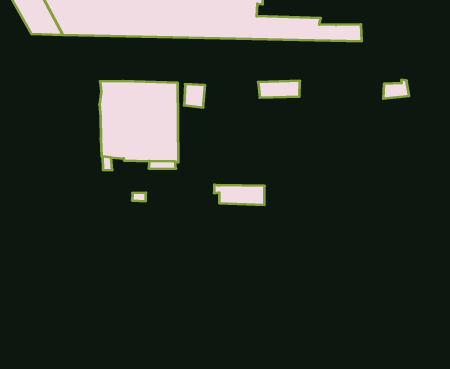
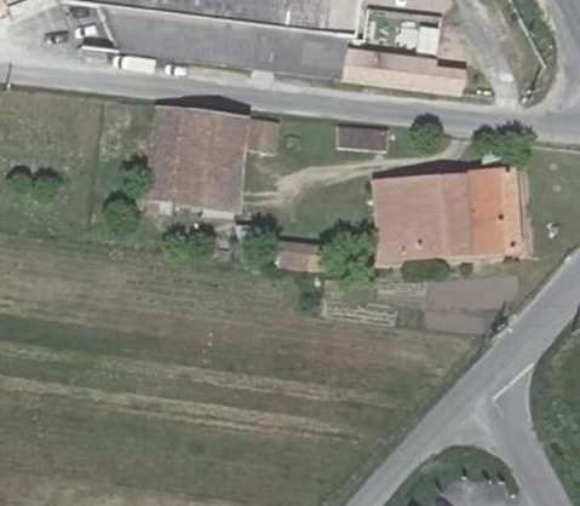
building: none -> [374,168,519,255]

